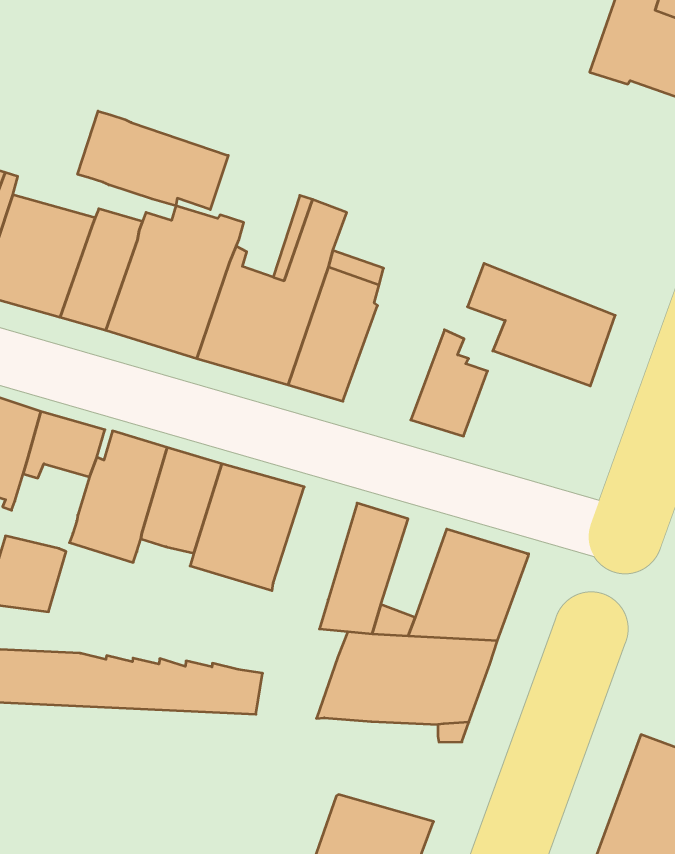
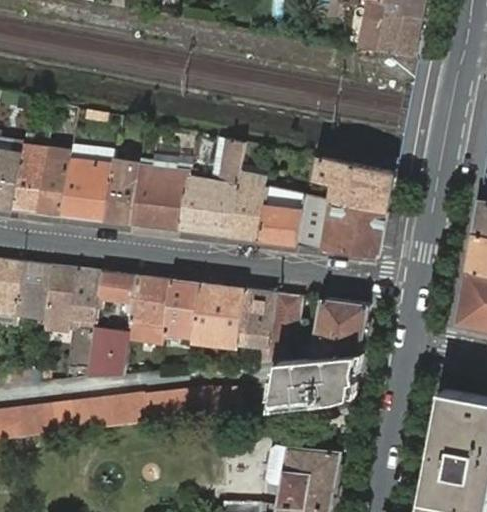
building: [78,111,228,210] -> none
building: none -> [257,188,304,245]
building: none -> [313,198,385,256]
building: none -> [236,289,273,363]

